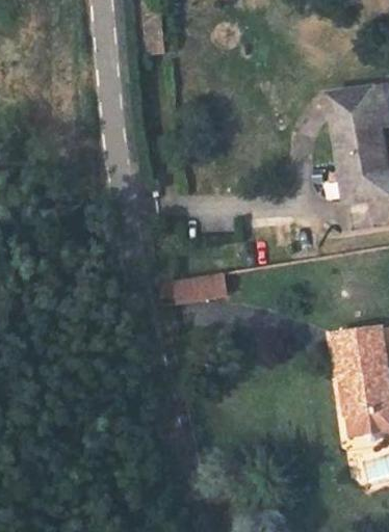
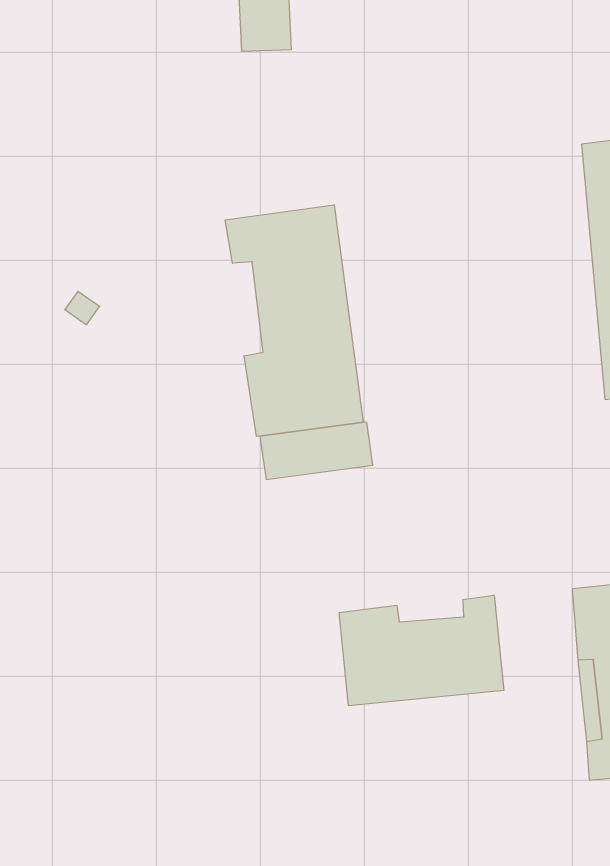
building: none -> [225,205,363,436]
building: none -> [339,595,504,706]

